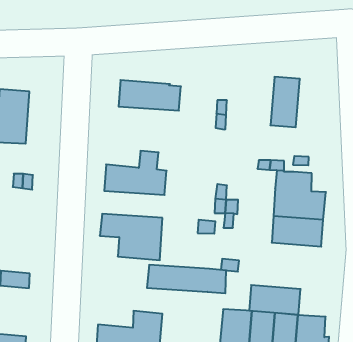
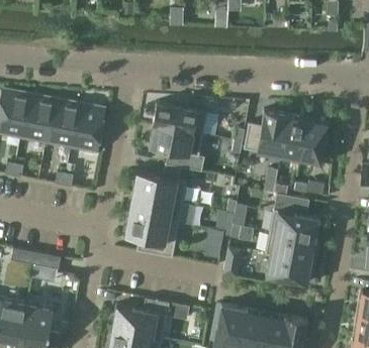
building: none -> [244,111,287,155]
building: none -> [300,119,329,163]
building: none -> [71,104,107,153]
building: none -> [149,125,205,171]
building: [147,265,226,293] -> [128,195,197,226]
building: [249,285,301,314] -> [265,254,310,283]

